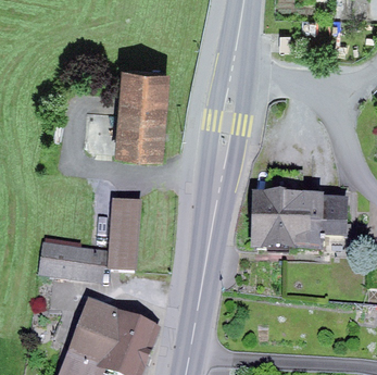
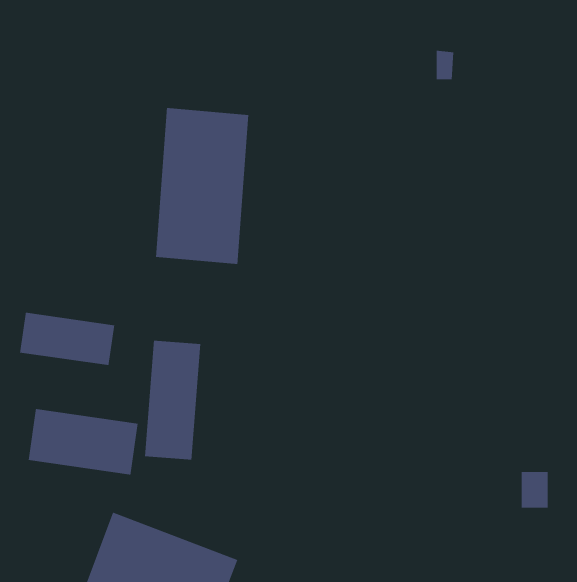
building: [250,166,350,257] -> none
building: none -> [20,312,115,366]

